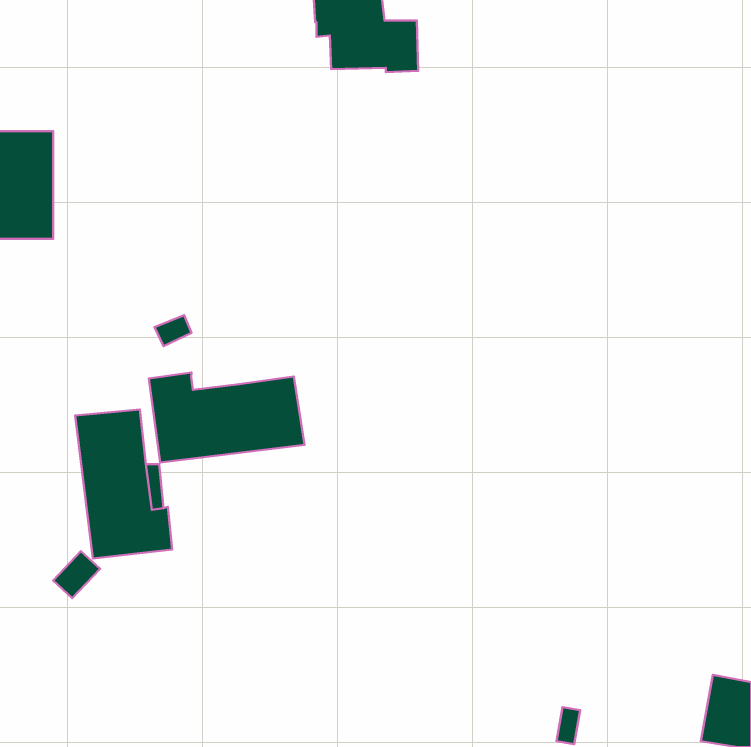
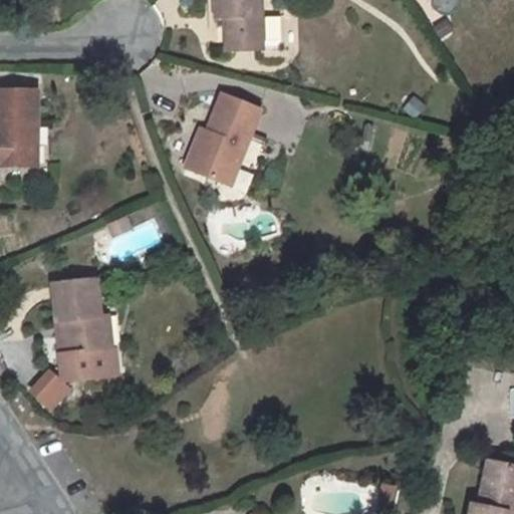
building: none -> [185,93,260,183]
building: [149,372,304,463] -> none

